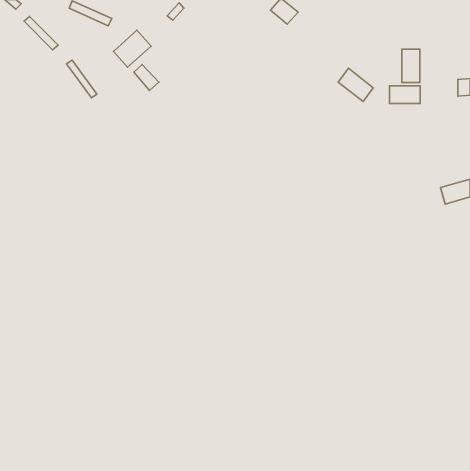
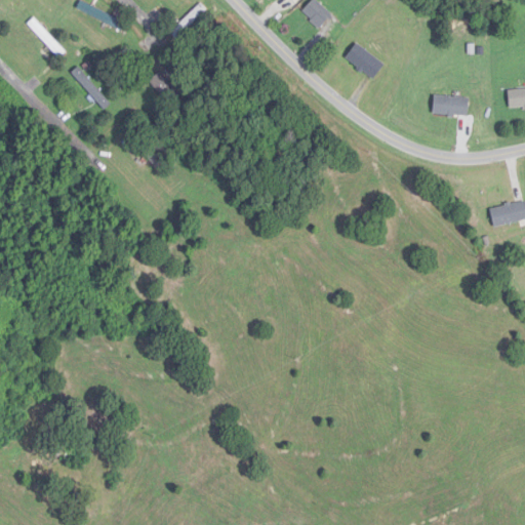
building: [113,30,151,67] -> none
building: [402,49,420,82] -> none
building: [338,68,373,102] -> [345,42,383,79]

